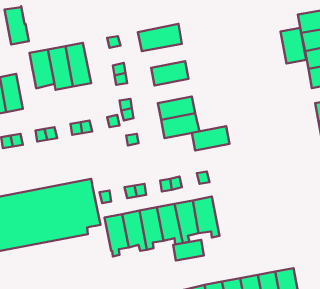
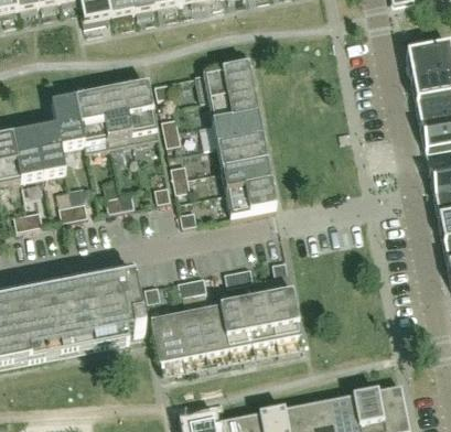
building: [5,6,29,45] -> [33,123,65,174]
building: [280,28,306,63] -> none
building: none -> [121,82,158,140]
building: none -> [200,88,257,120]
building: [192,126,229,150] -> [216,134,266,166]
building: [173,240,204,261] -> none

